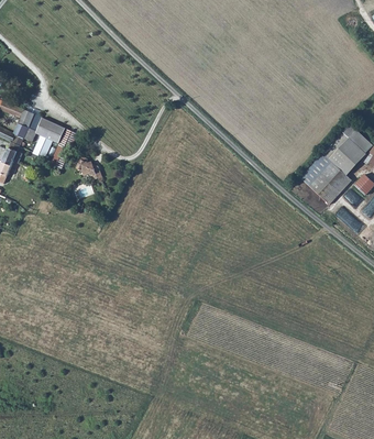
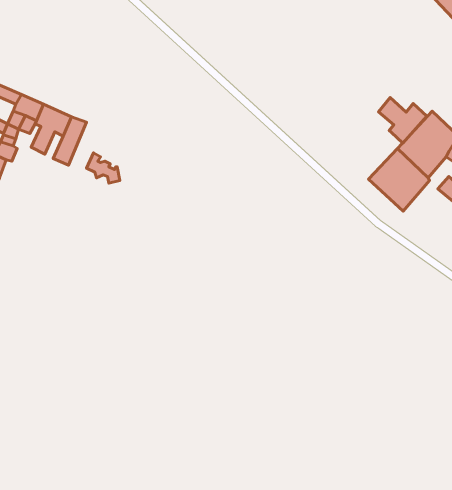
building: none -> [378,98,427,143]

